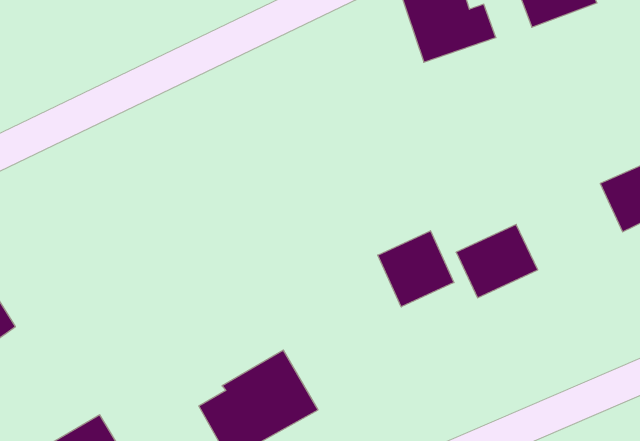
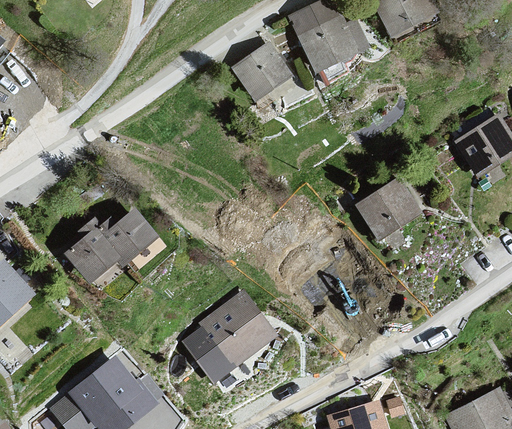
building: none -> [232,43,288,97]
building: none -> [66,208,166,293]
building: [378,231,454,307] -> none

